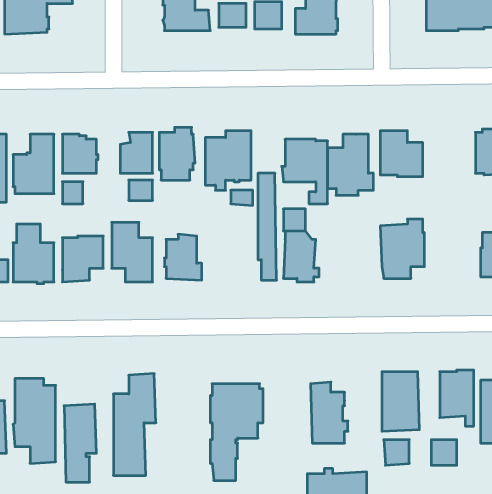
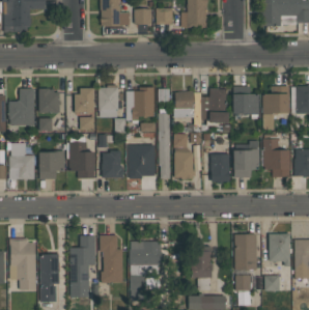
building: none -> [263,86,289,130]
building: none -> [263,139,290,177]
building: none -> [129,145,154,179]
building: none -> [212,154,230,185]
building: none -> [100,235,122,283]

